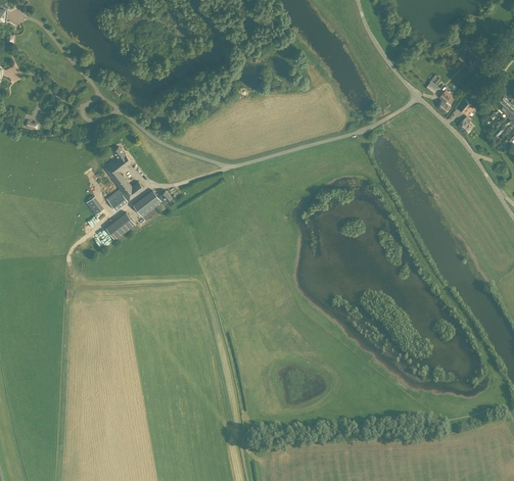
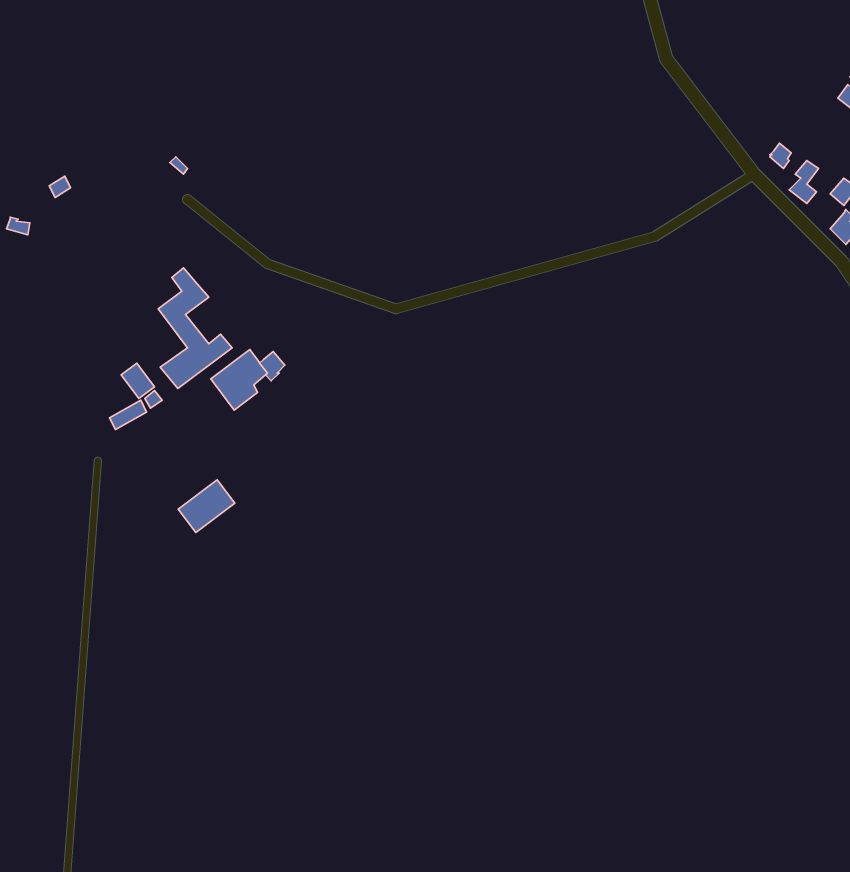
building: [105,211,135,239] -> [178,480,235,533]

